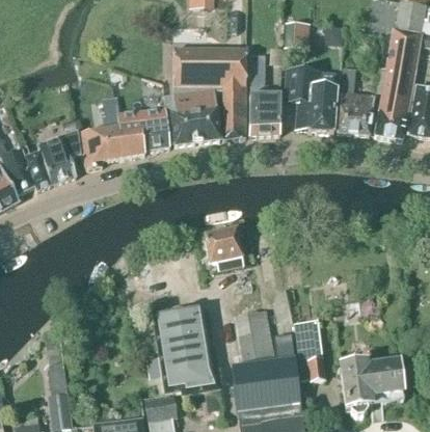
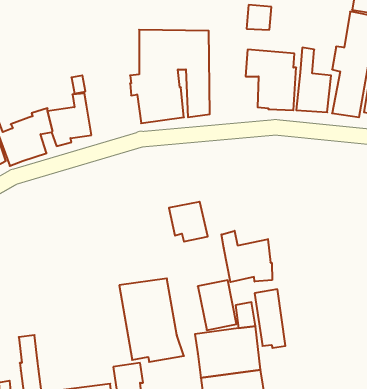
building: [249,55,280,136] -> none
building: [115,104,169,158] -> none
building: none -> [221,231,272,282]
building: [341,366,402,417] -> none

